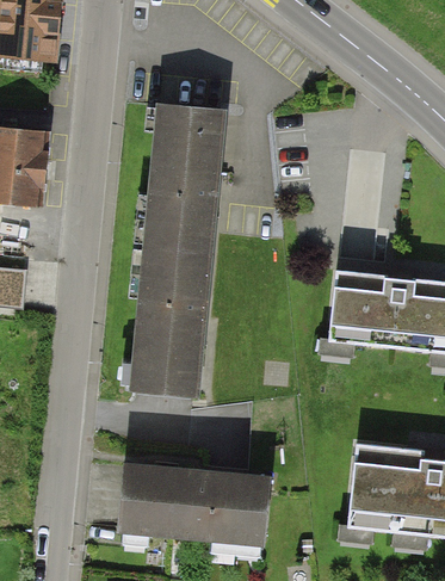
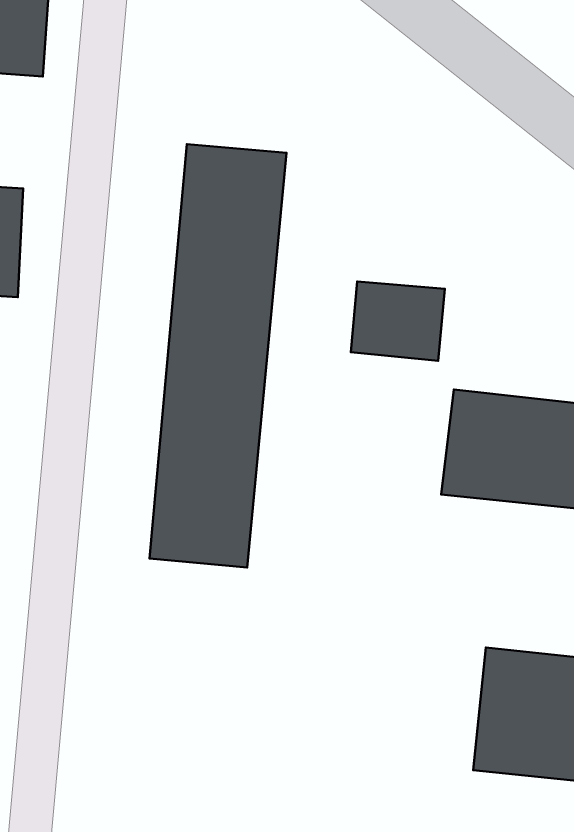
building: none -> [351,282,445,361]
building: [117,465,276,543] -> none

